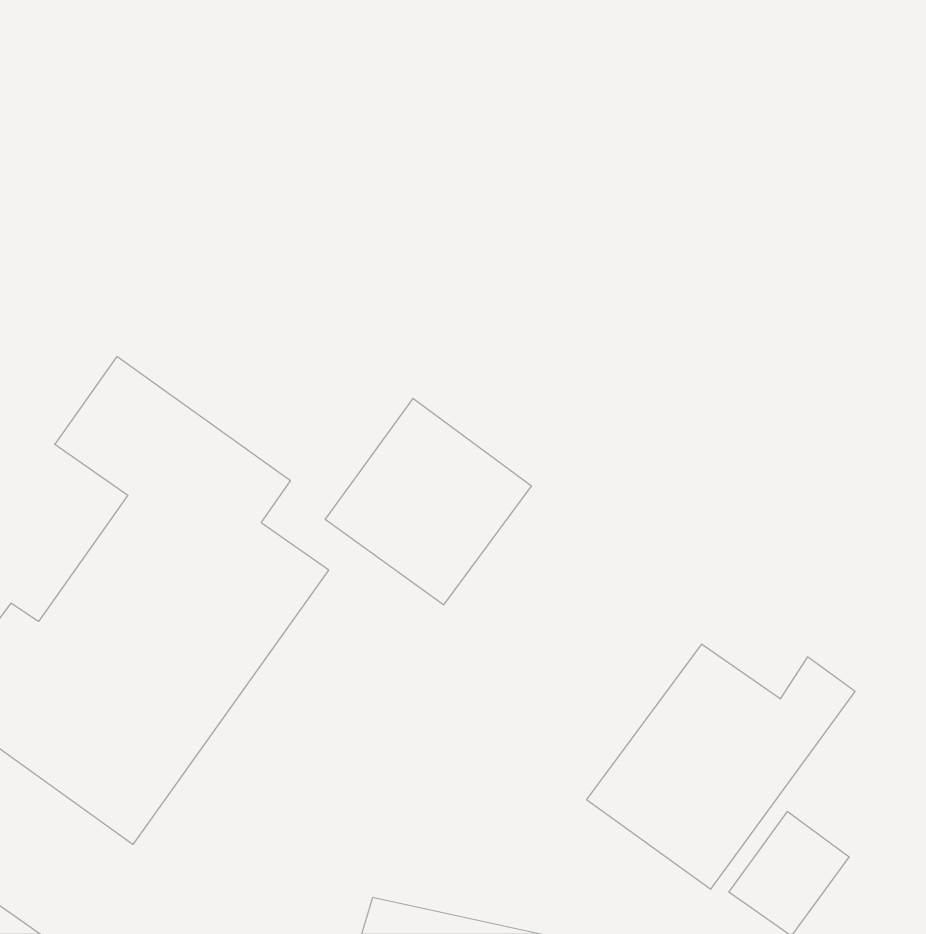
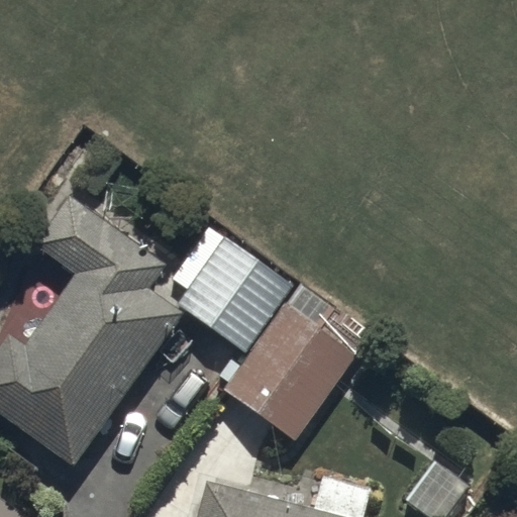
building: [587,644,855,889] -> [222,304,371,439]

